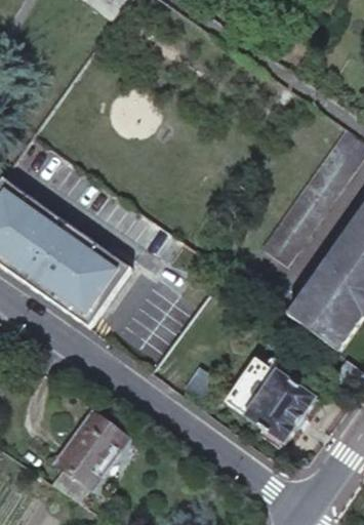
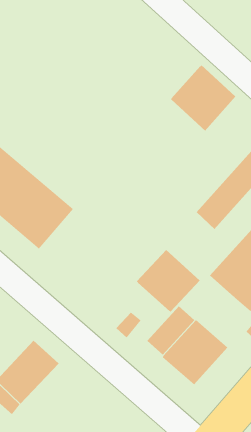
building: none -> [170,65,236,131]
building: none -> [136,249,201,313]

